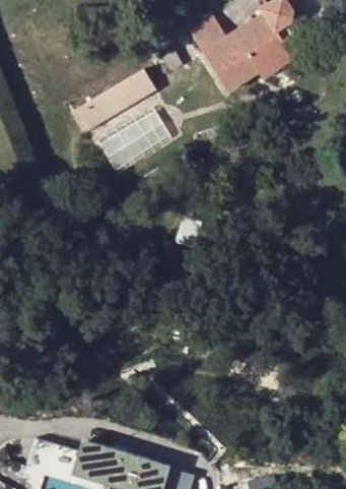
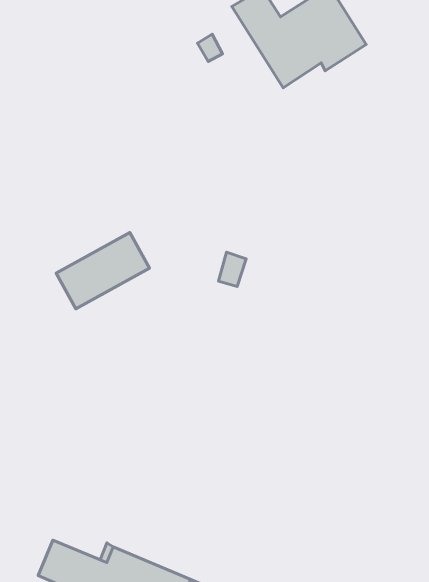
building: [75,68,156,129] -> none
building: [101,107,174,166] -> [56,233,150,309]

